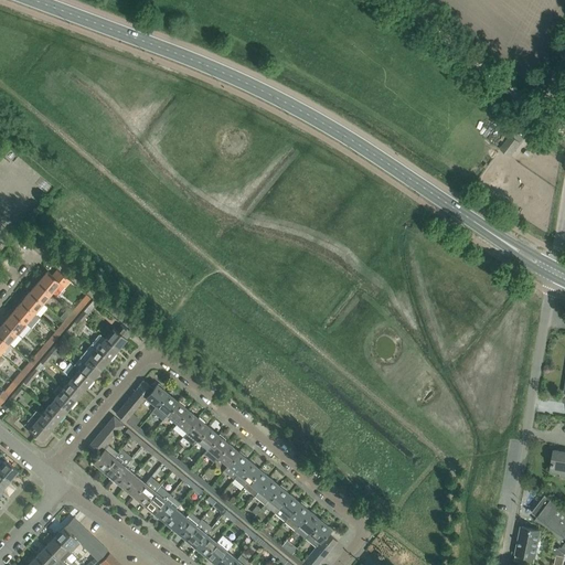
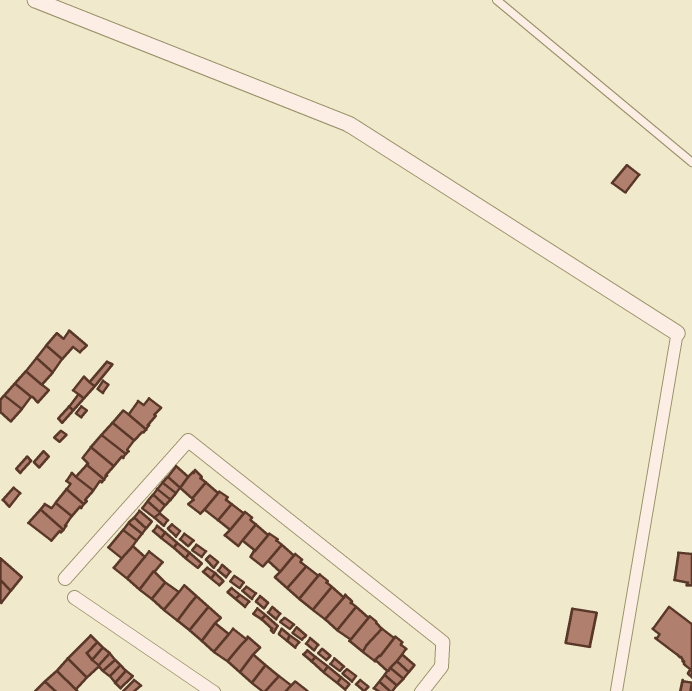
building: [515,527,541,558] -> [566,609,597,647]

